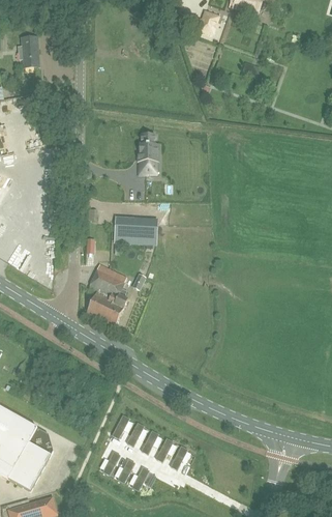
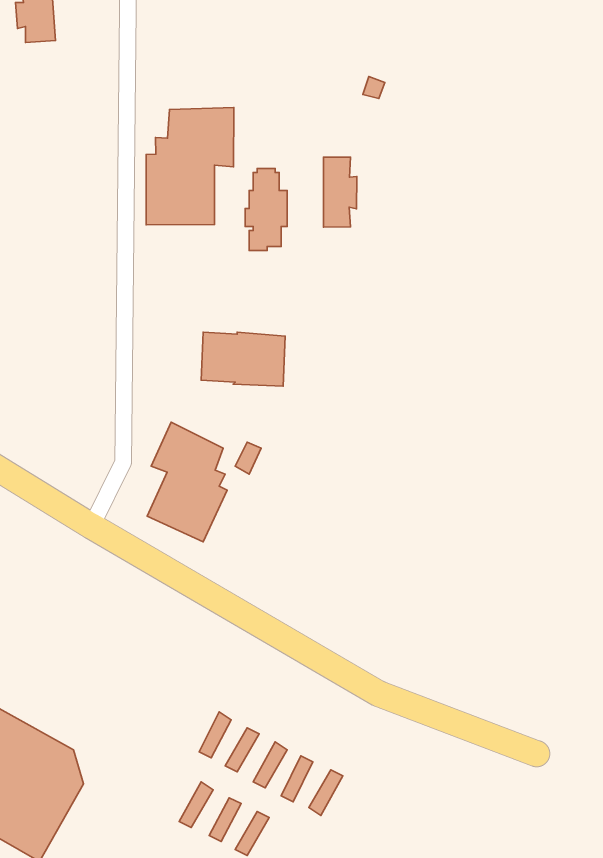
building: none -> [146,107,234,225]
building: none -> [324,157,357,227]

